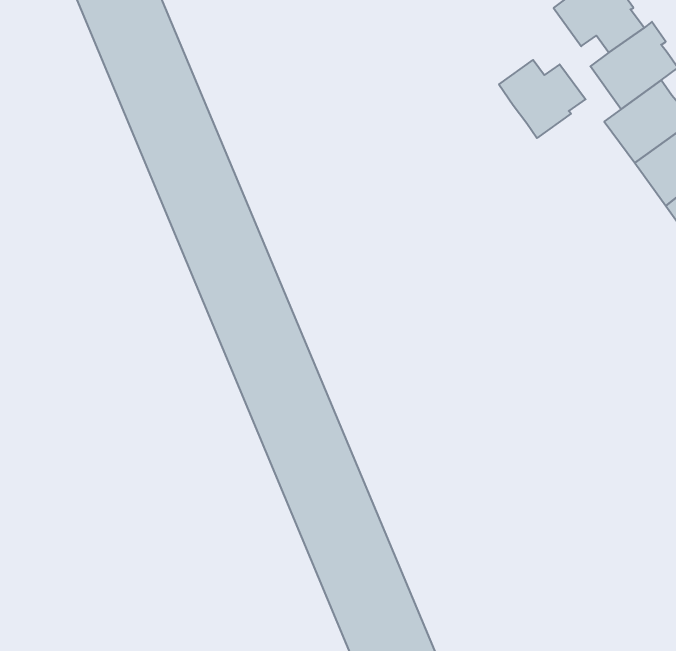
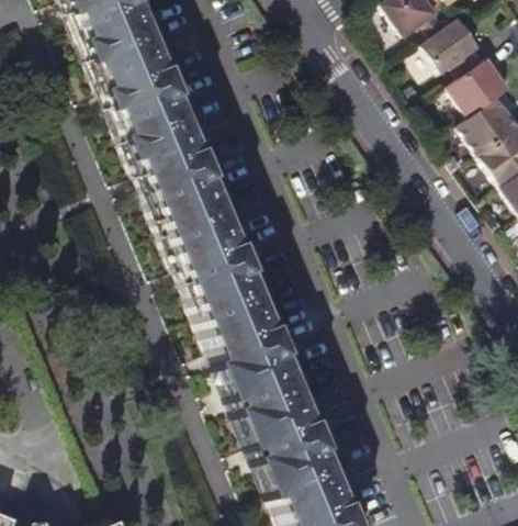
building: [499,60,586,138] -> none

